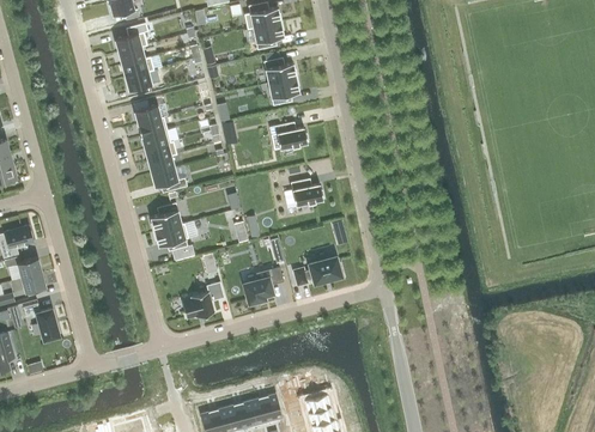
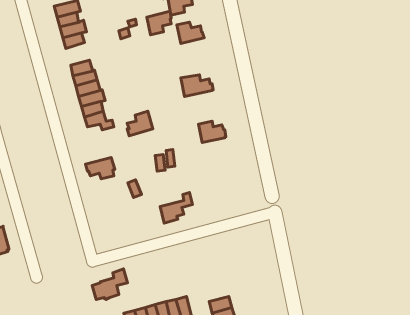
building: [268,78,298,107] -> [147,11,171,35]
building: [150,202,181,232] -> [127,111,153,136]
building: [293,257,342,286] -> none
building: [181,281,224,318] -> [92,269,128,299]

